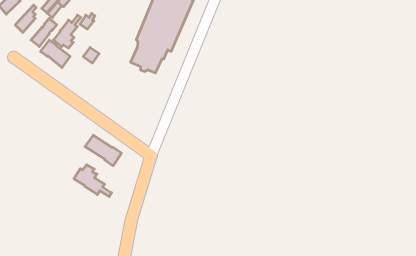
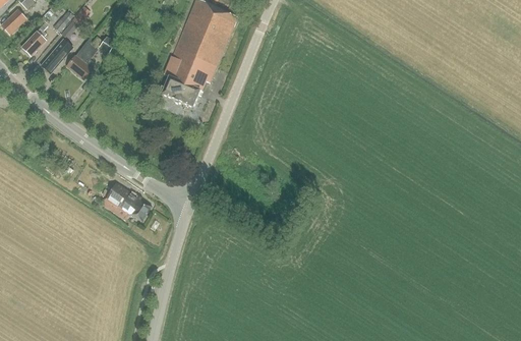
building: [41,40,70,68] -> none
building: [74,165,112,197] -> none

